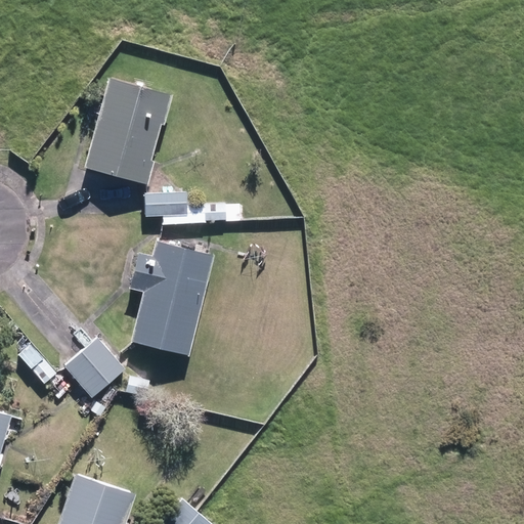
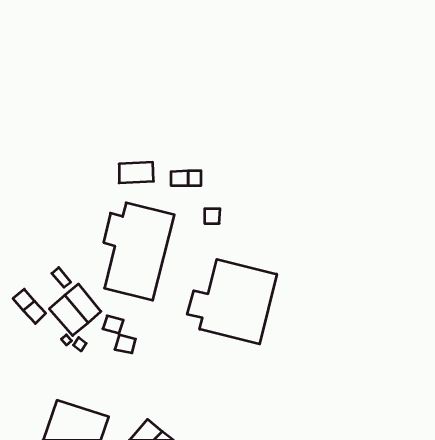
building: [83,80,172,187] -> none
building: none -> [187,259,277,344]

